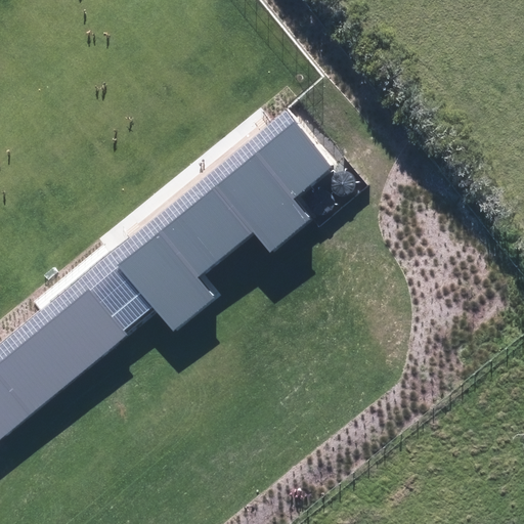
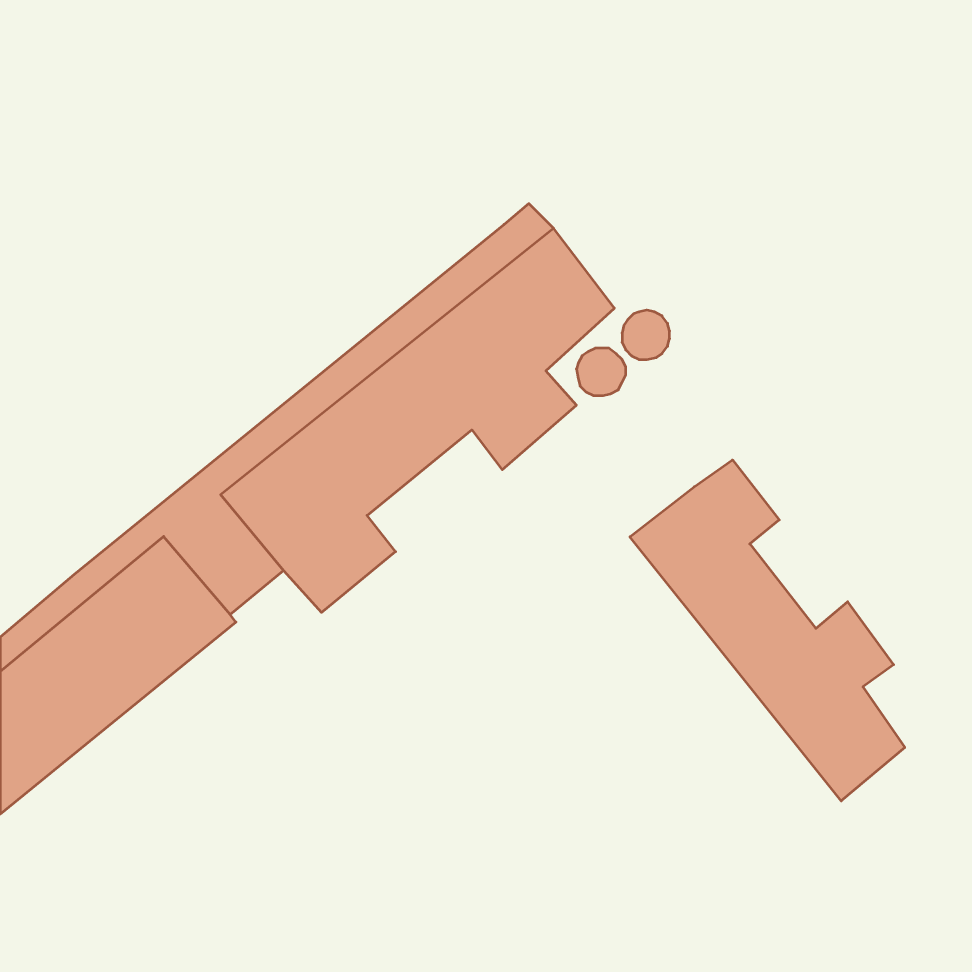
building: none -> [630,460,905,801]

